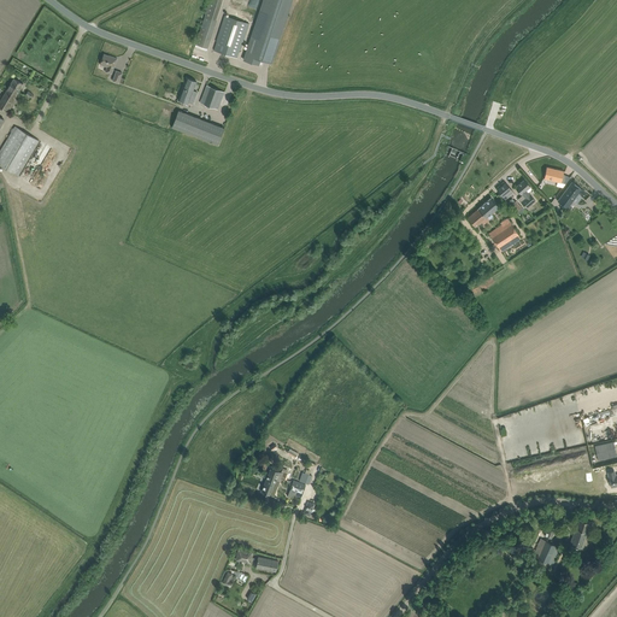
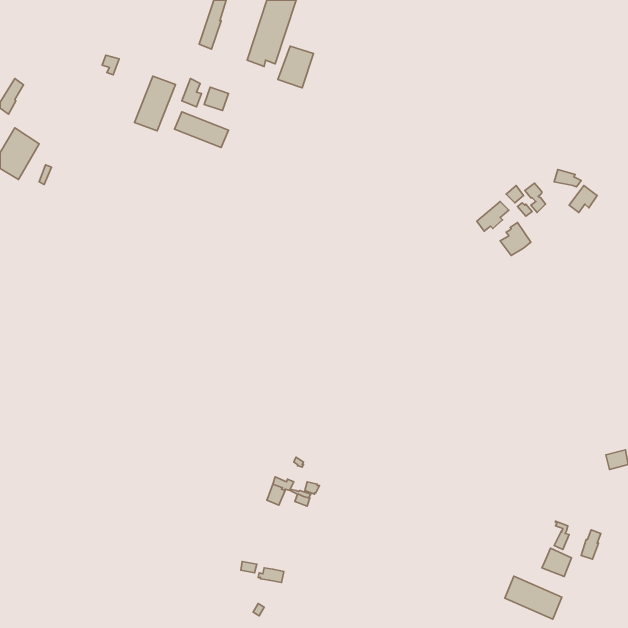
building: [213,17,248,58] -> [278,46,313,88]
building: none -> [135,76,176,131]
building: none -> [505,576,562,619]

